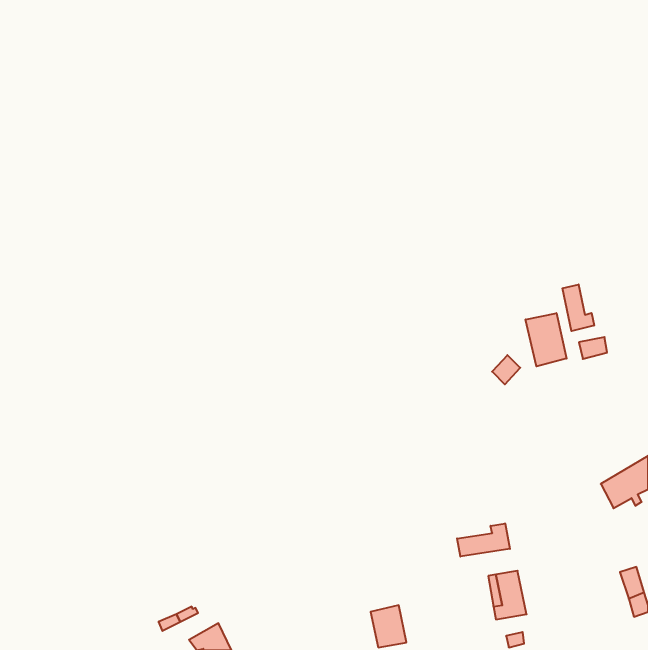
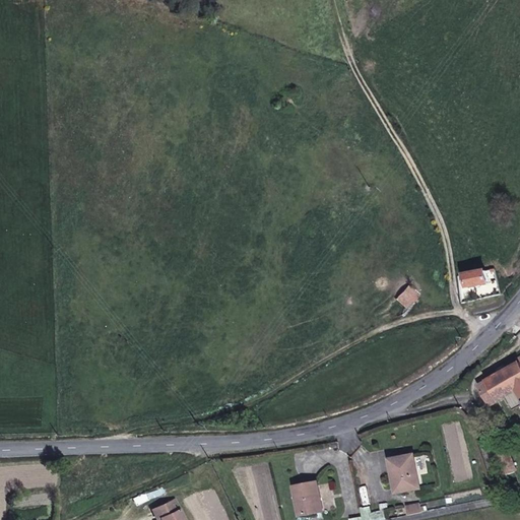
building: [562,284,594,331] -> none
building: [526,313,567,366] -> none
building: [457,523,510,557] -> none

